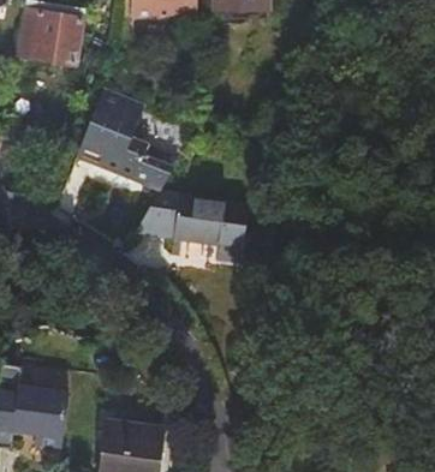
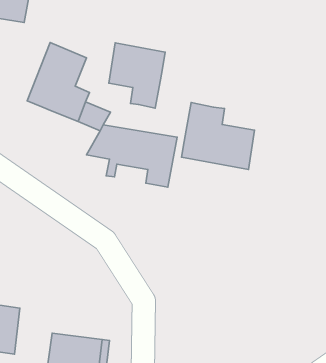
building: none -> [109,43,165,108]
building: none -> [182,102,254,170]

